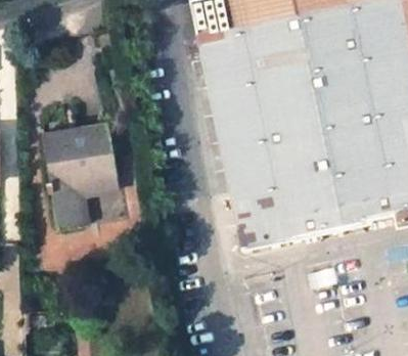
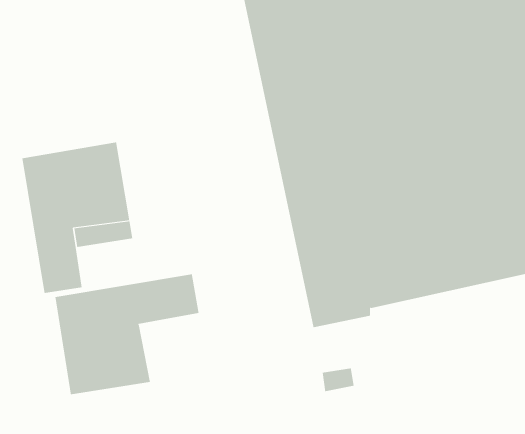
building: none -> [55,274,199,395]

